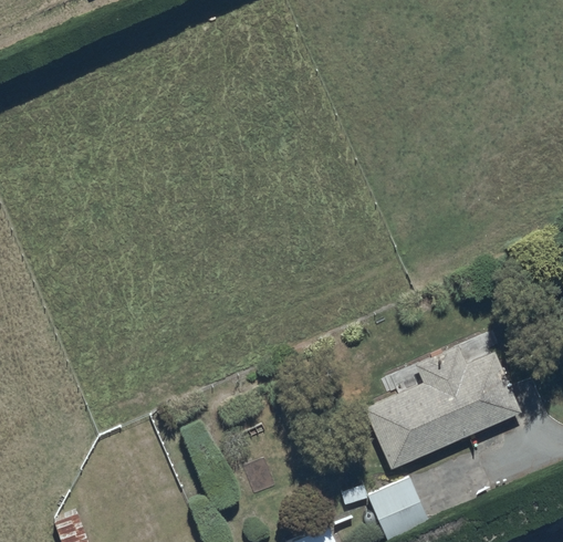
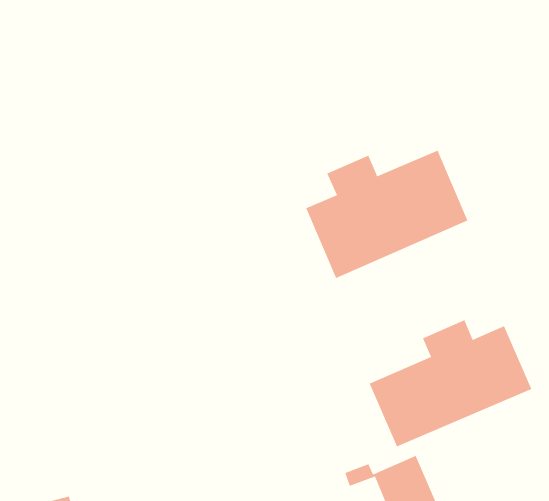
building: none -> [305,150,468,279]

